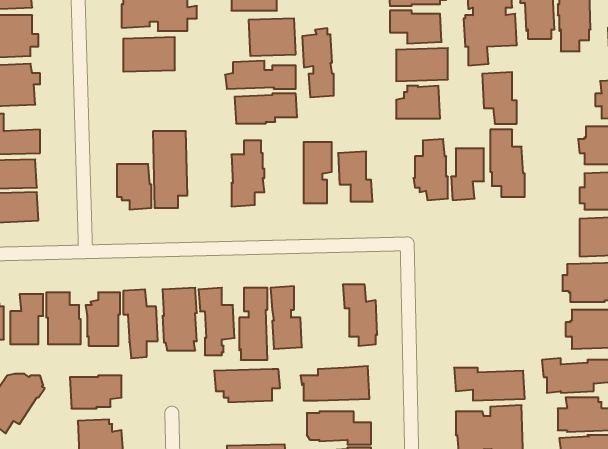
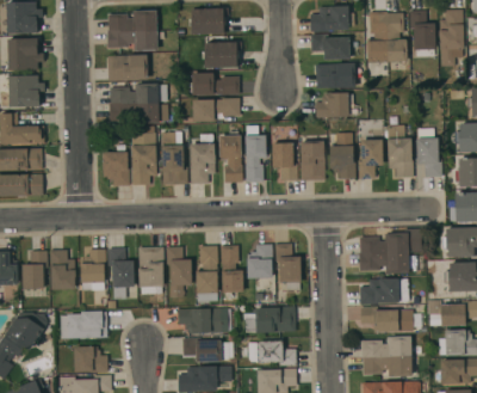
building: [302,28,334,97] -> [218,130,242,183]
building: [482,72,517,124] -> [415,137,441,177]
building: none -> [109,84,167,123]
building: none -> [161,131,187,185]
building: none -> [299,141,324,180]
building: none -> [358,228,421,274]
building: none -> [246,244,272,278]
building: none -> [359,278,408,305]
building: none -> [181,338,228,362]

